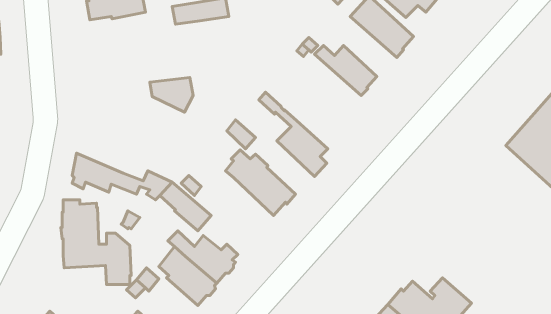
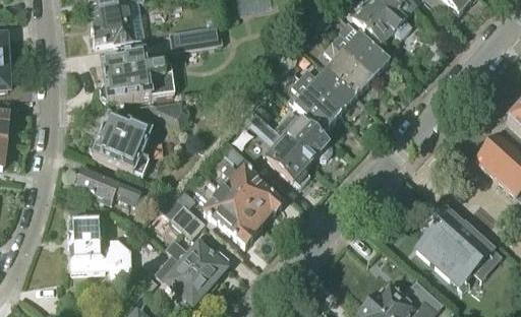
building: none -> [325,42,374,97]
building: none -> [100,51,173,102]
building: none -> [292,76,342,132]
building: none -> [272,107,332,163]
building: none -> [90,116,151,175]
building: none -> [199,189,262,245]
building: none -> [417,209,493,279]

